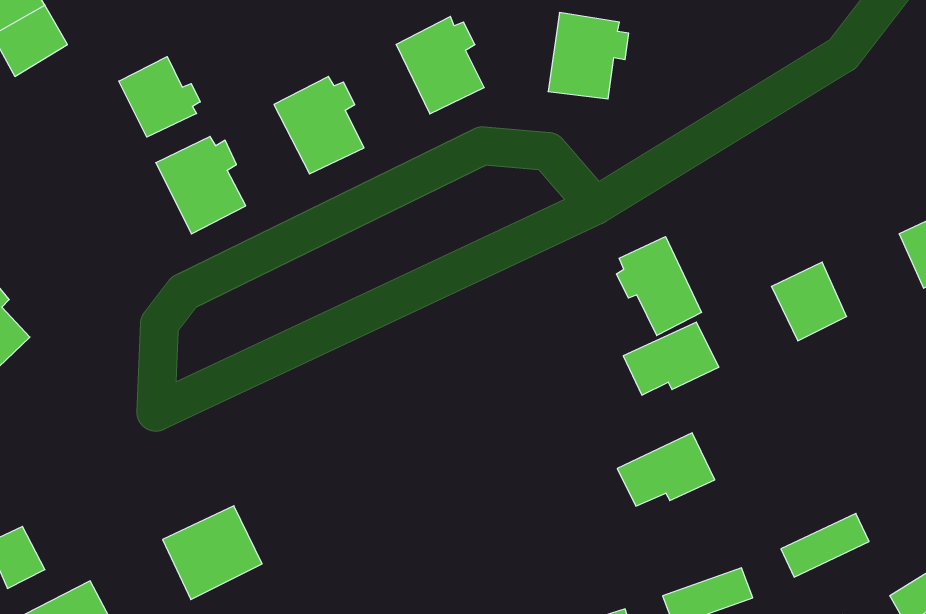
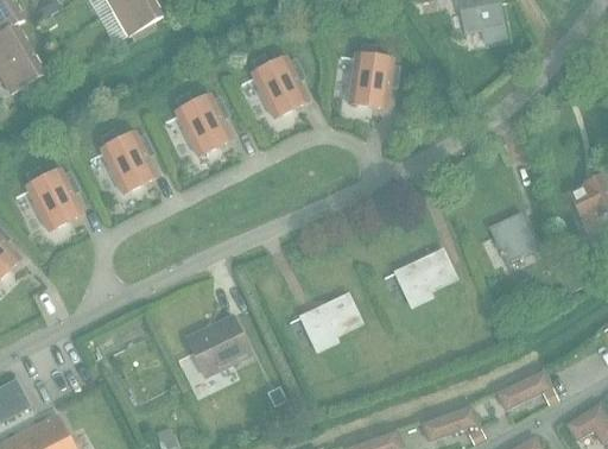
building: [119,57,200,137] -> none
building: none -> [26,169,82,230]
building: [617,237,702,336] -> none
building: [617,433,715,506] -> [300,293,362,340]
building: [163,506,262,600] -> [188,317,251,377]

